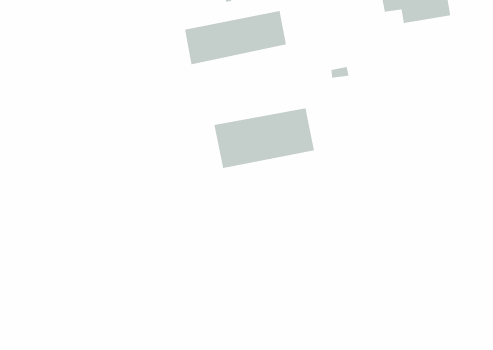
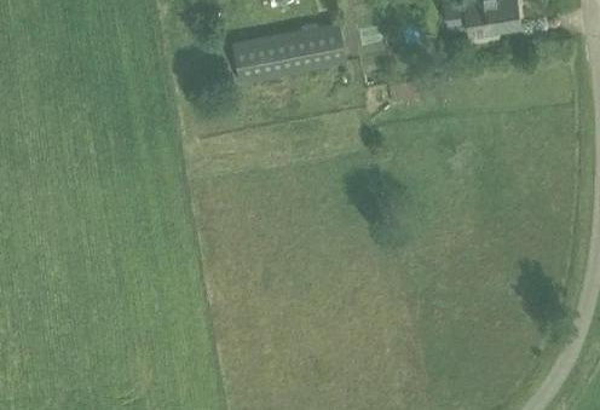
building: [214,108,315,169] -> none

